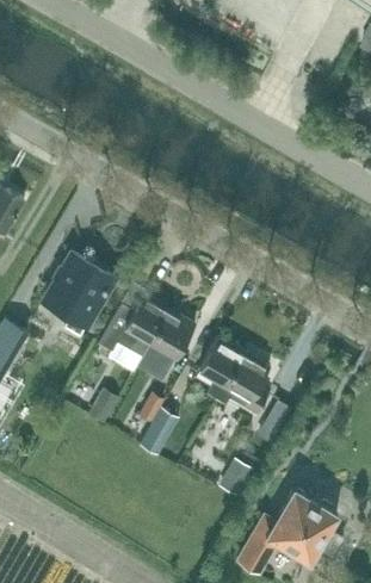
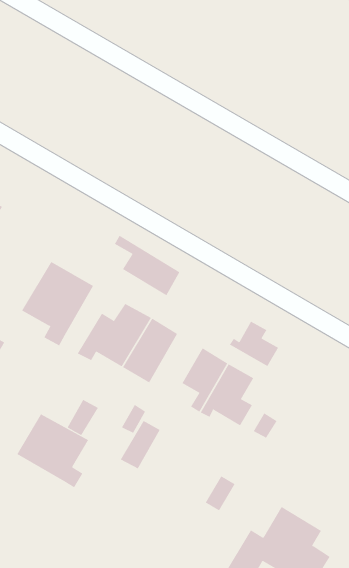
building: none -> [114,235,180,296]
building: none -> [229,321,279,367]
building: none -> [17,413,89,488]

